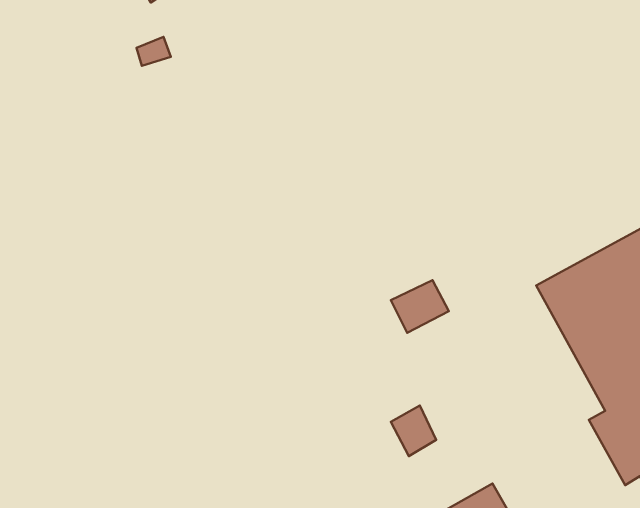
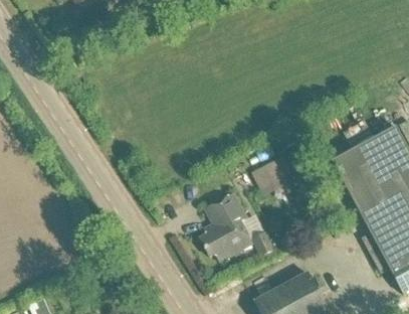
building: none -> [201,192,251,259]

